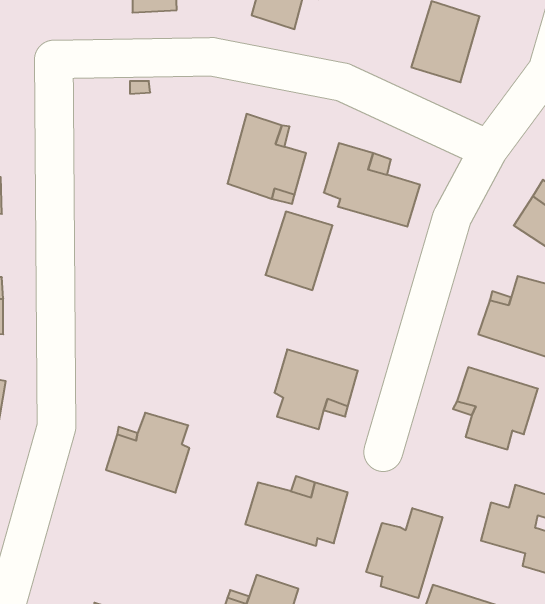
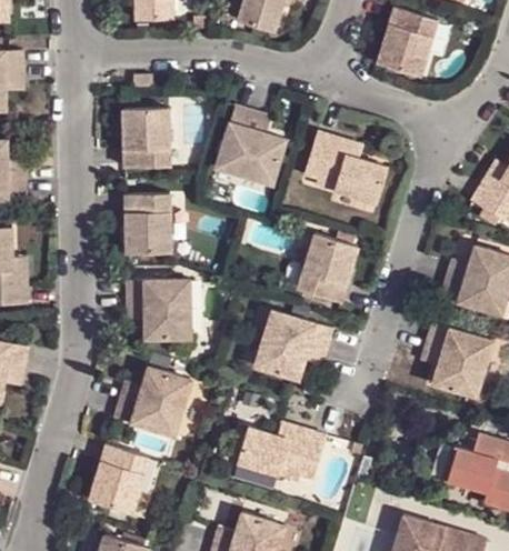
building: none -> [123,108,170,167]
building: [265,212,333,290] -> [299,236,358,304]
building: none -> [124,193,172,254]
building: none -> [124,280,190,341]
building: none -> [89,444,146,513]
building: [366,508,442,598] -> none

